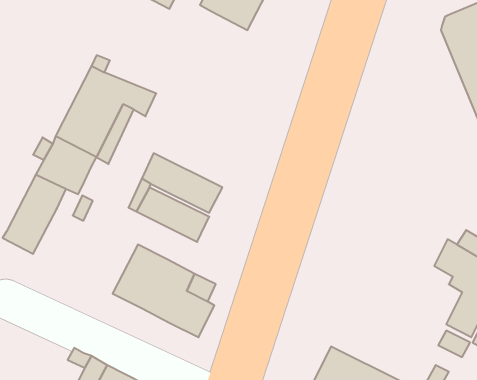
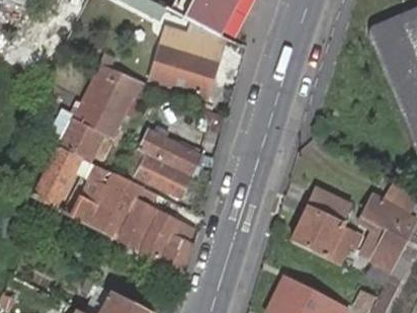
building: none -> [152,21,227,97]
building: none -> [72,173,143,237]
building: none -> [293,188,364,263]

